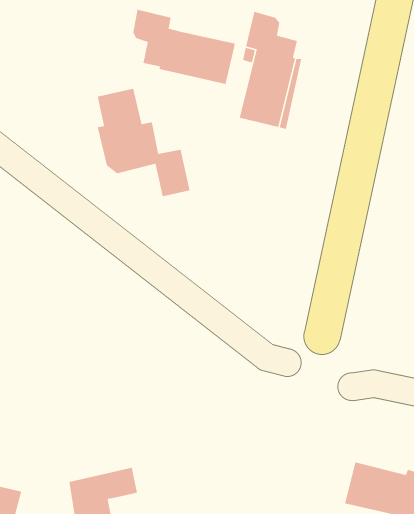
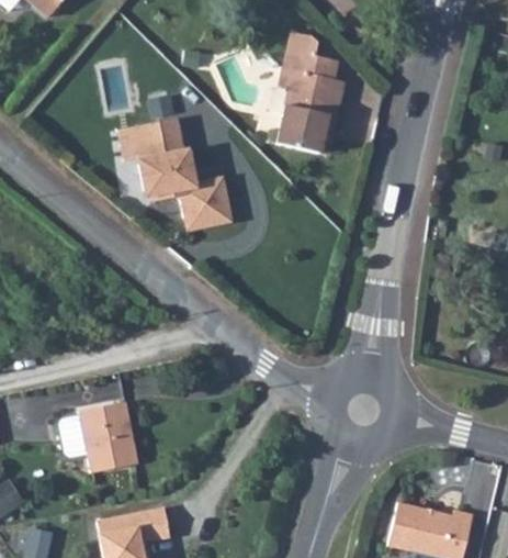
building: [132,9,236,85] -> none
building: none -> [61,403,140,472]

